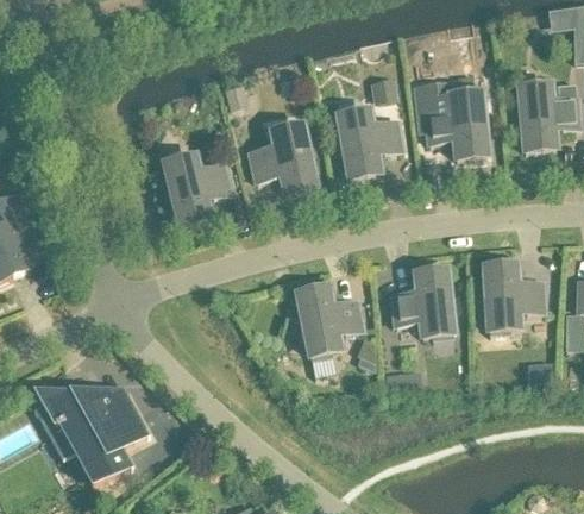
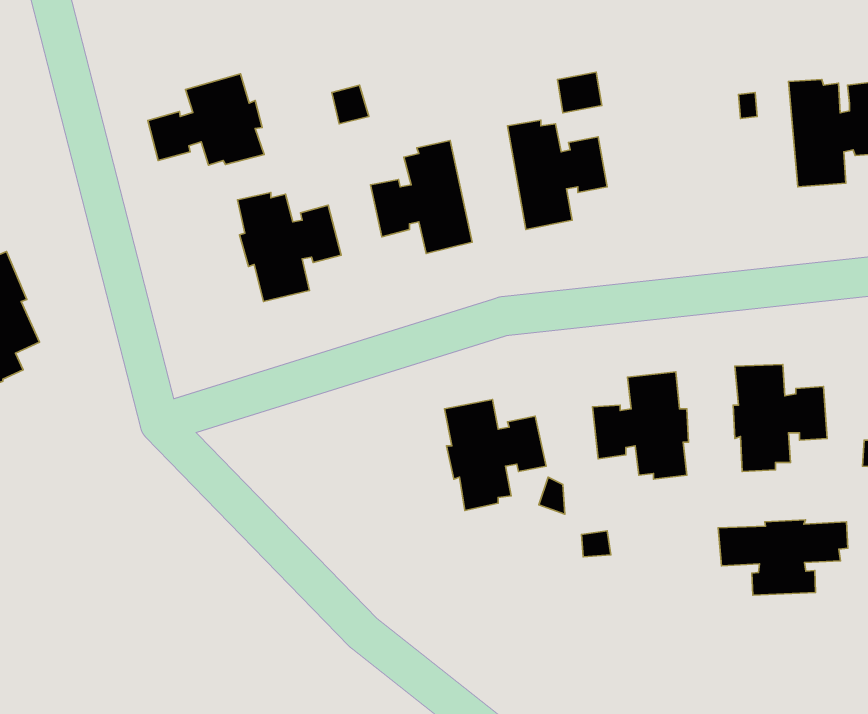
building: none -> [148,74,264,165]
building: [417,84,486,157] -> none
building: none -> [718,520,848,595]
building: [34,384,150,484] -> none

